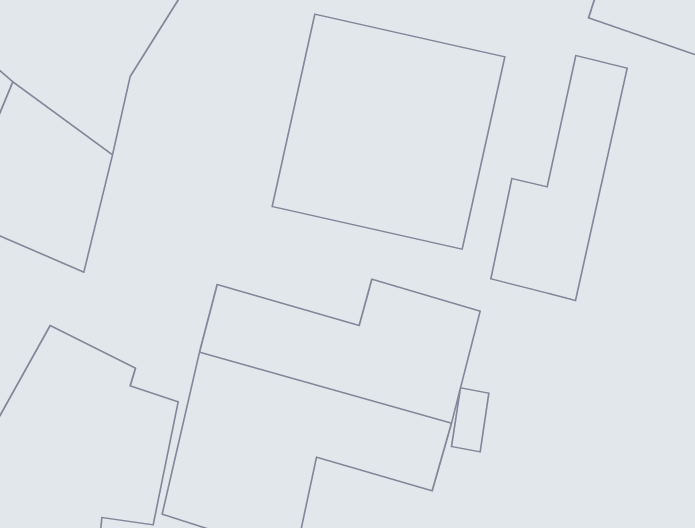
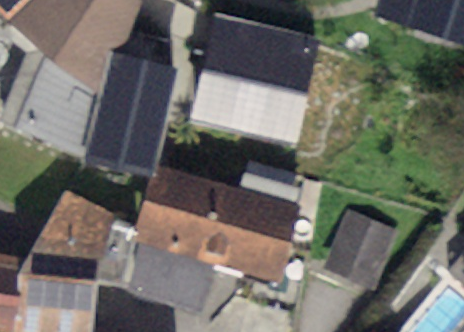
building: [491,56,627,300] -> none
building: none -> [83,48,178,173]
building: none -> [322,209,397,287]

